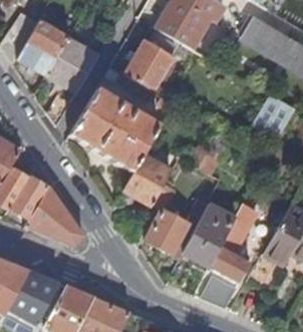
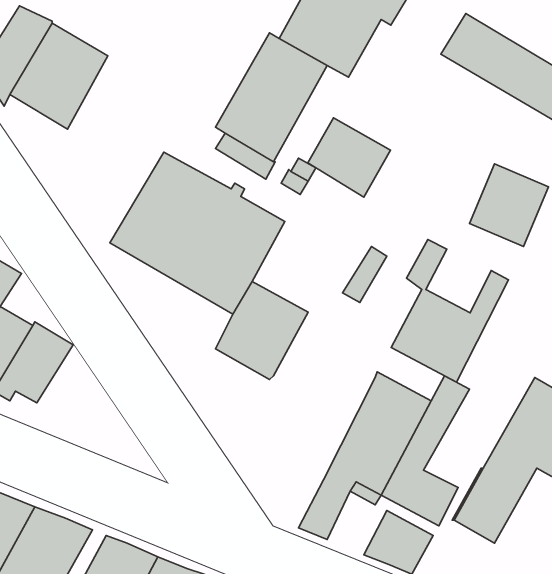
building: [46,37,98,125] -> none
building: none -> [308,118,390,197]
building: [145,184,207,258] -> [391,240,508,382]
building: [25,187,83,247] -> none

